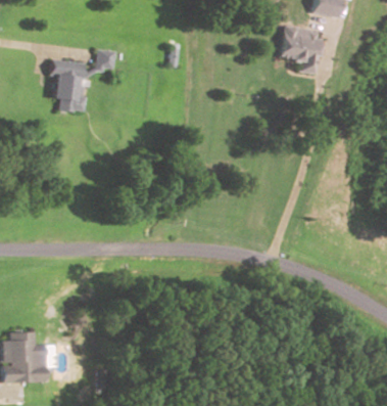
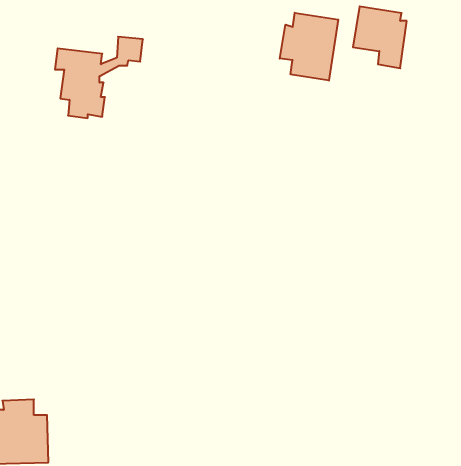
building: none -> [280,13,338,81]

